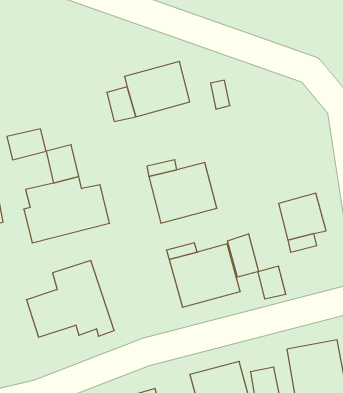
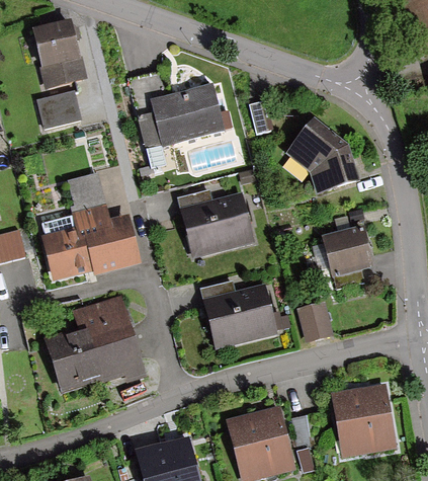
building: none -> [34,23,86,86]
building: none -> [287,116,357,191]
building: [7,129,46,160] -> [36,93,79,127]
building: [227,234,258,277] -> none

